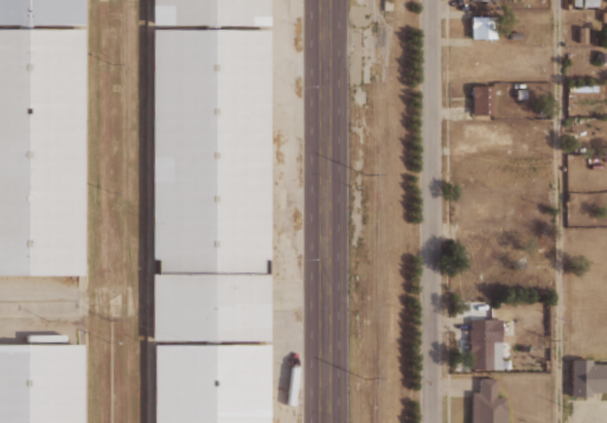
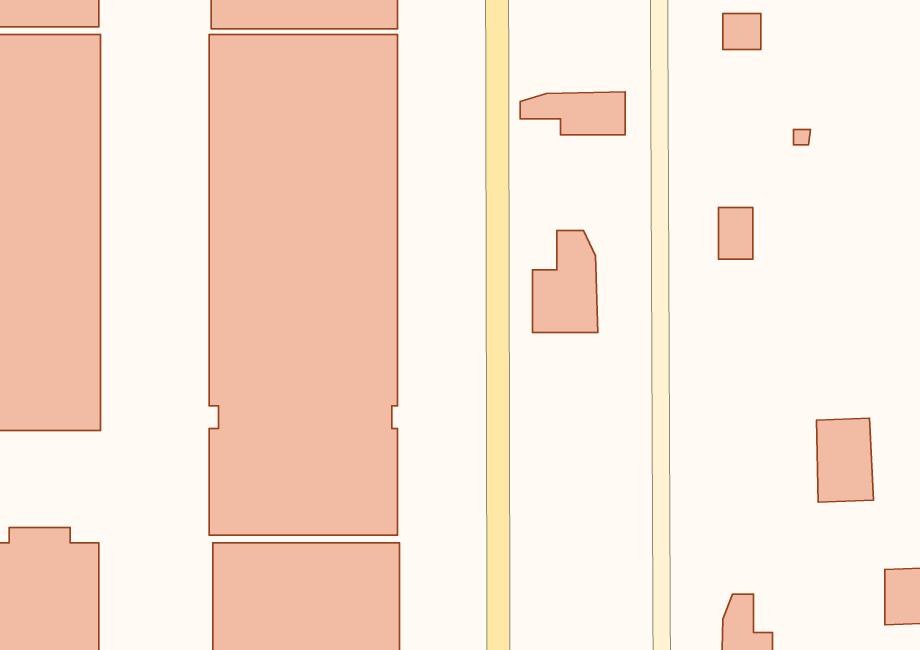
building: none -> [520,92,625,135]
building: [473,83,494,115] -> [718,208,753,259]
building: none -> [532,230,598,333]
building: [468,318,504,370] -> [816,418,873,502]

